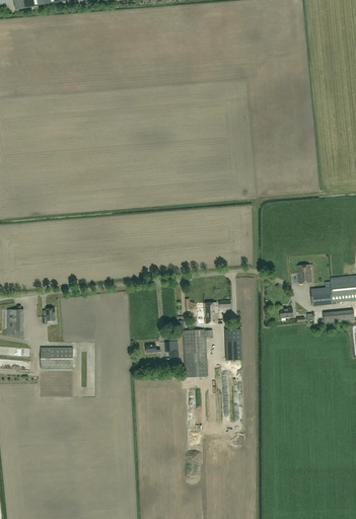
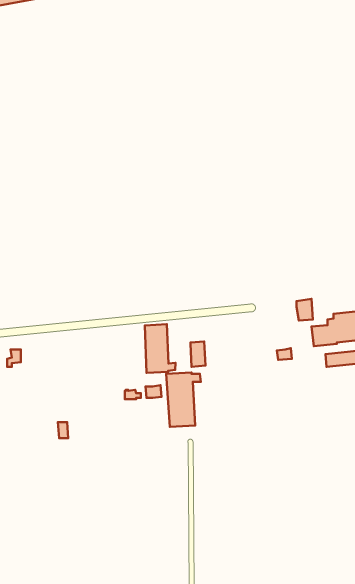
building: none -> [145,324,175,373]
building: [41,347,73,368] -> none

